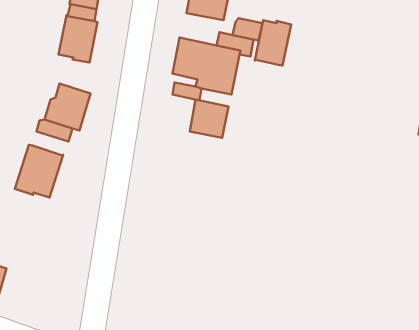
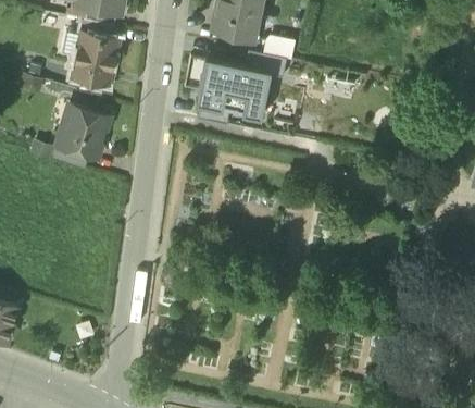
building: [255,20,291,66] -> none
building: [190,100,229,138] -> none
building: [15,145,63,198] -> none

